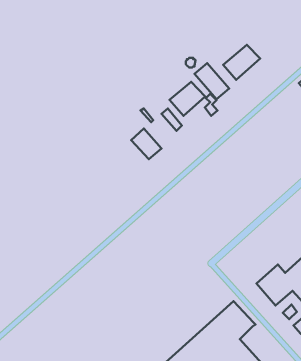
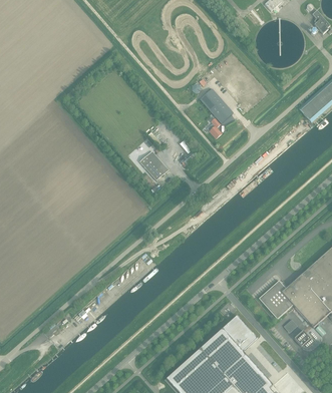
building: [223,45,260,80] -> none
building: [170,82,205,116] -> none

